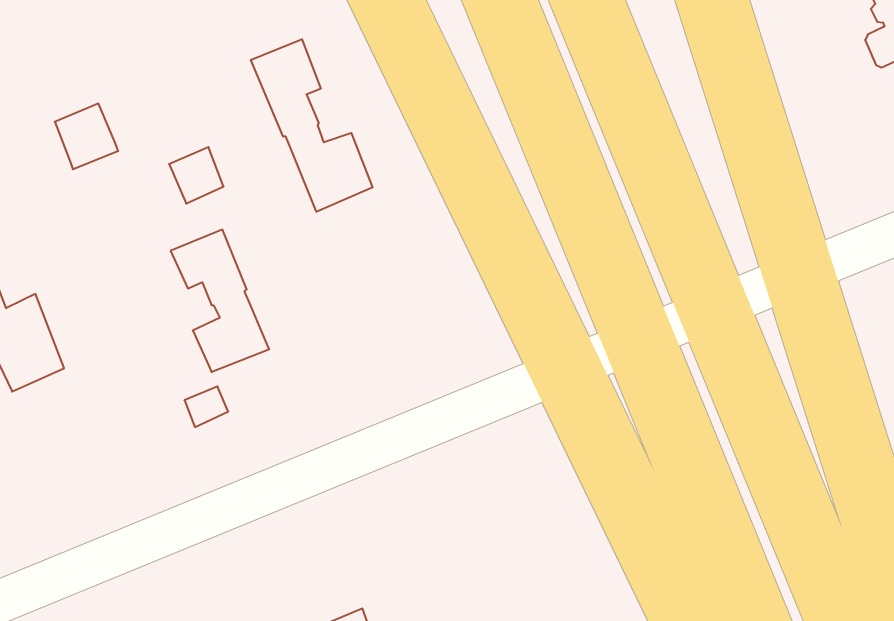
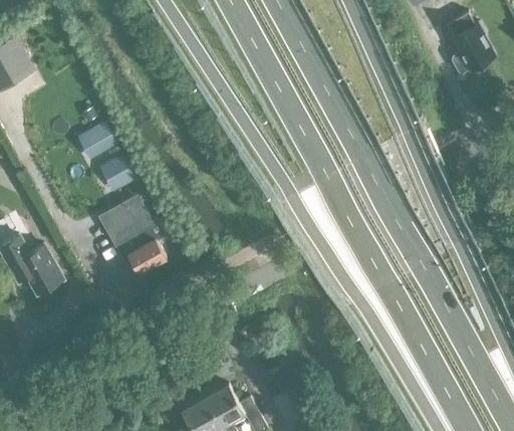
building: [251,39,372,212] -> none
building: [55,103,118,169] -> [83,123,117,158]

